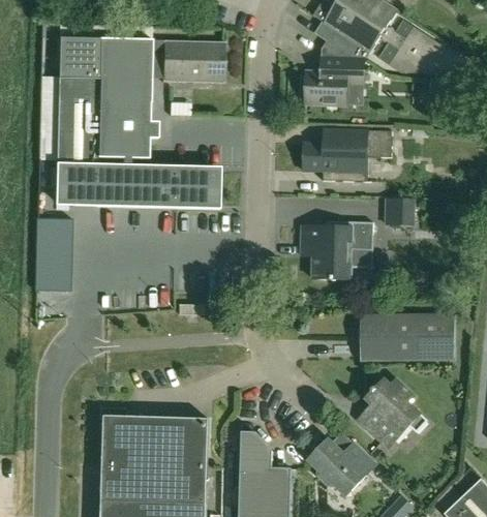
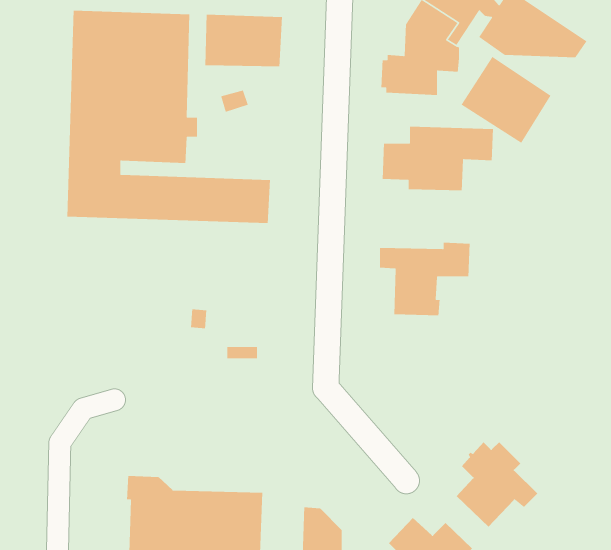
building: none -> [460,56,551,144]
building: [386,199,413,224] -> none
building: [34,217,67,291] -> none
building: [360,314,454,361] -> none

